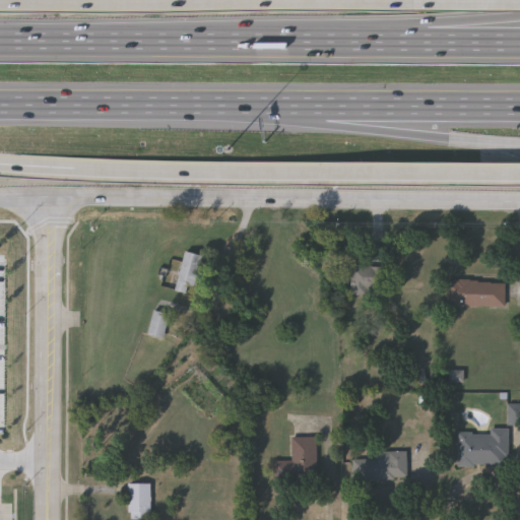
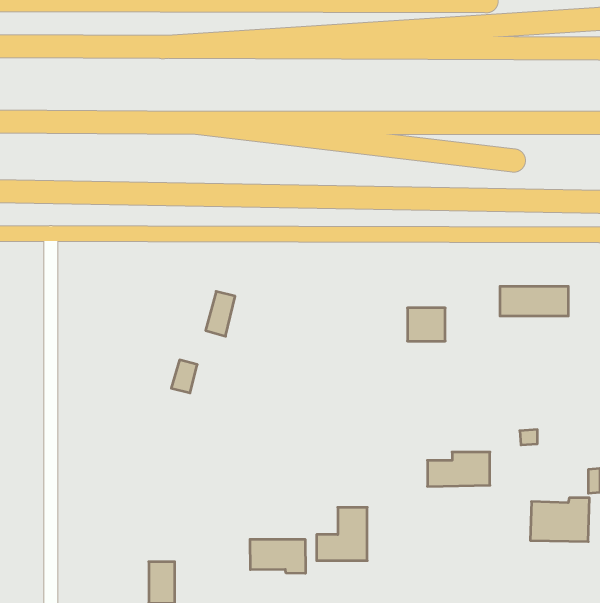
building: [446,280,505,306] -> [500,286,568,316]
building: [352,451,406,480] -> [427,452,490,486]
building: none -> [250,539,305,573]

